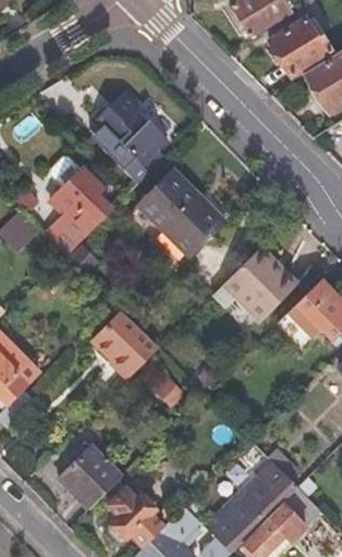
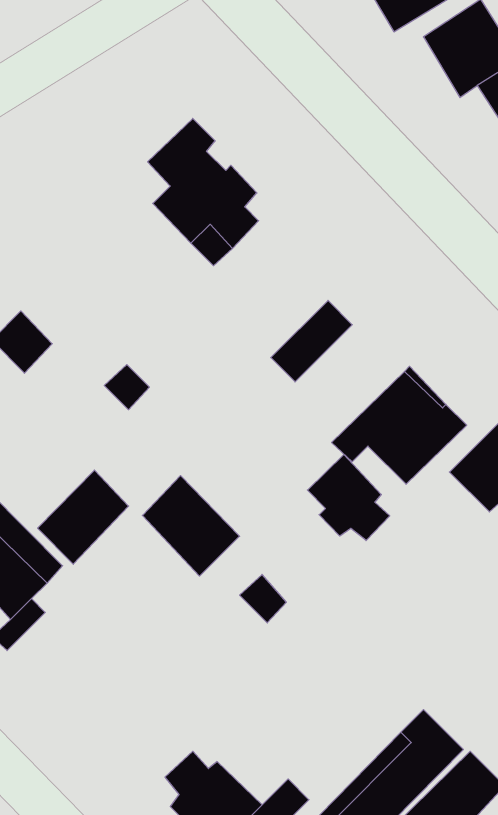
building: [42,168,107,255] -> none
building: [137,169,209,240] -> none
building: none -> [307,455,390,541]
building: none -> [38,470,129,564]
building: [59,446,120,507] -> none

